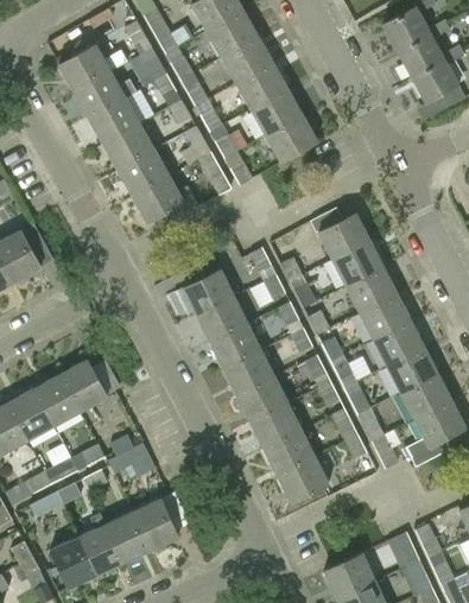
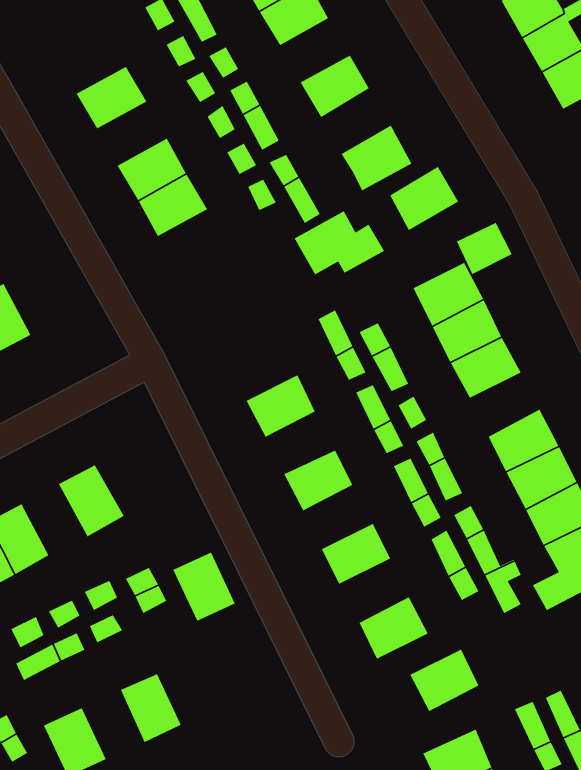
building: [222,37,273,83] -> none
building: [59,44,110,91] -> none
building: [252,88,303,135] -> [389,166,459,231]
building: [89,97,140,144] -> none
building: [133,176,199,223] -> [294,210,385,276]
building: none -> [456,222,513,275]
building: [184,268,235,315] -> none
building: [360,294,411,341] -> none
building: [211,323,262,368] -> none
building: [34,375,82,427] -> none
building: [239,376,290,423] -> none
building: [265,430,316,476] -> [409,648,479,712]
building: [133,500,179,551] -> [172,552,236,622]
building: [78,514,123,576] -> none

